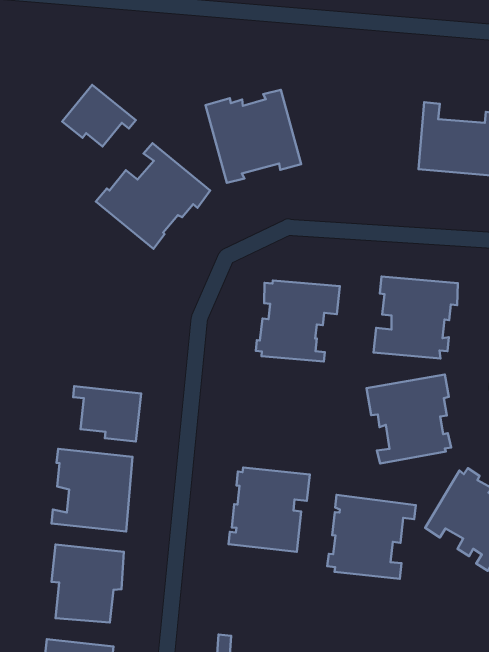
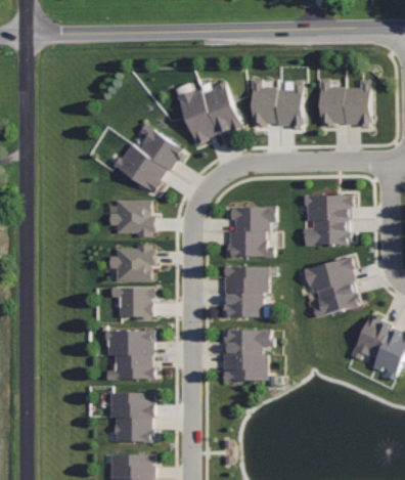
building: [62,85,136,146] -> none
building: none -> [250,80,302,129]
building: none -> [109,200,154,235]
building: none -> [108,245,153,279]
building: [327,495,416,579] -> [222,266,275,316]

